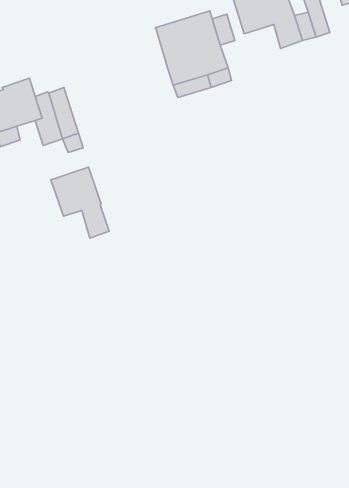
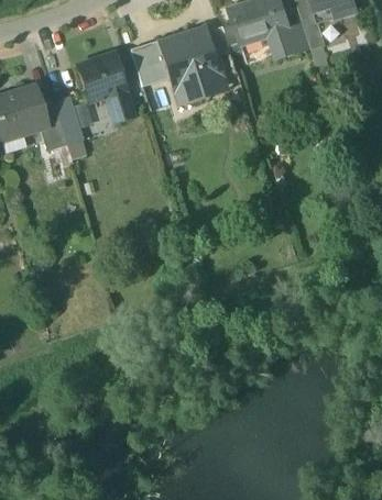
building: none -> [131,38,168,85]
building: [51,167,109,238] -> [77,53,133,121]

